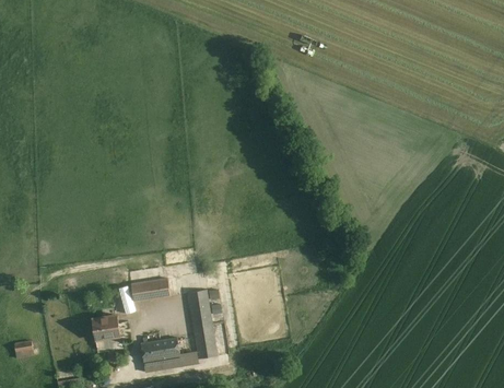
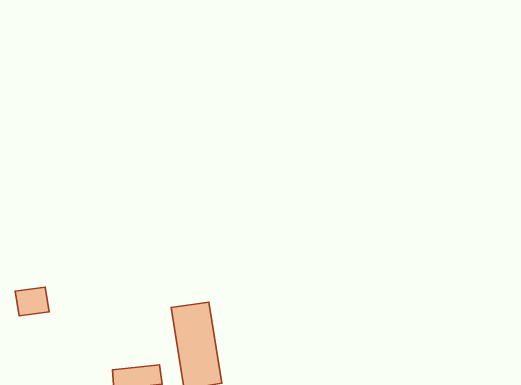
building: [128,280,167,302] -> none
building: [96,315,125,339] -> [15,287,49,316]

